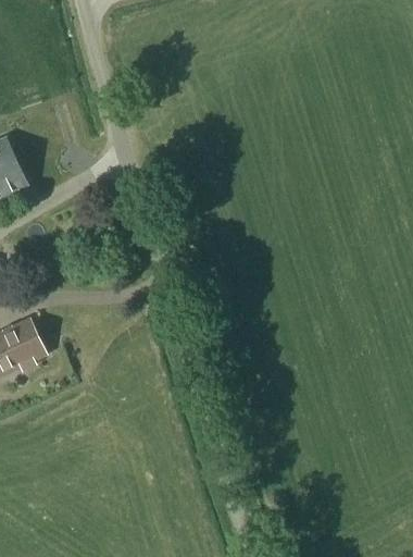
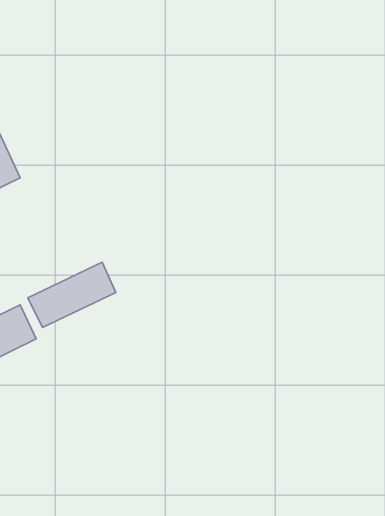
building: none -> [28,262,116,327]

